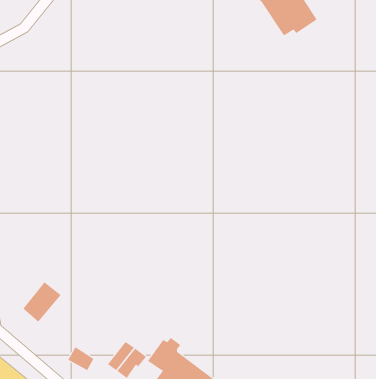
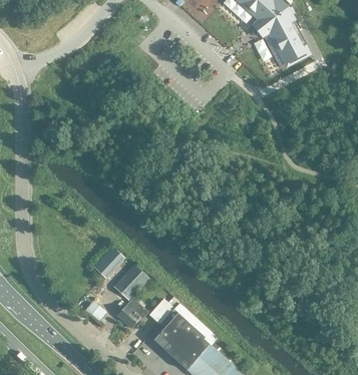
building: [22,282,62,322] -> [93,246,125,278]
building: none -> [113,266,148,301]

